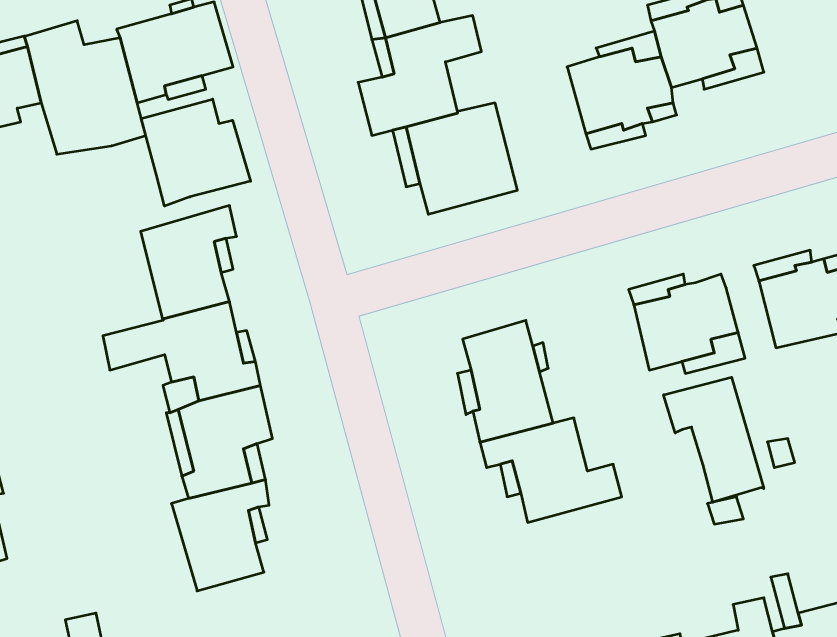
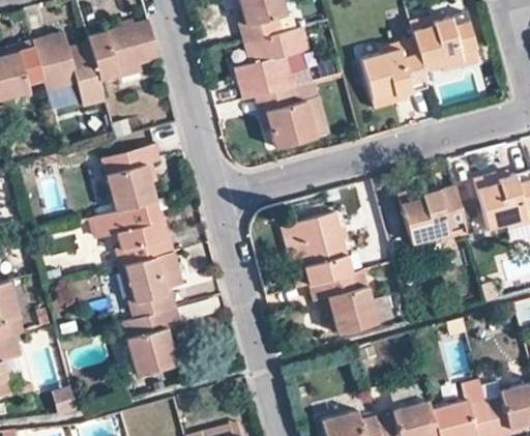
building: [141,99,251,206] -> none
building: [664,377,764,502] -> none

